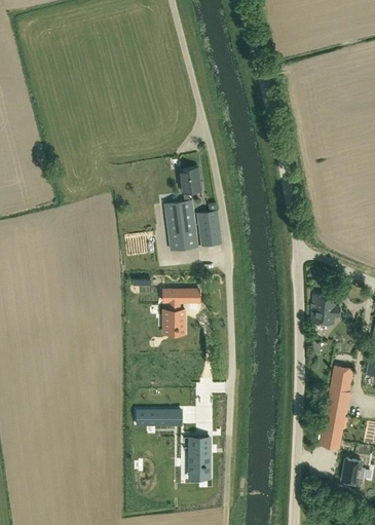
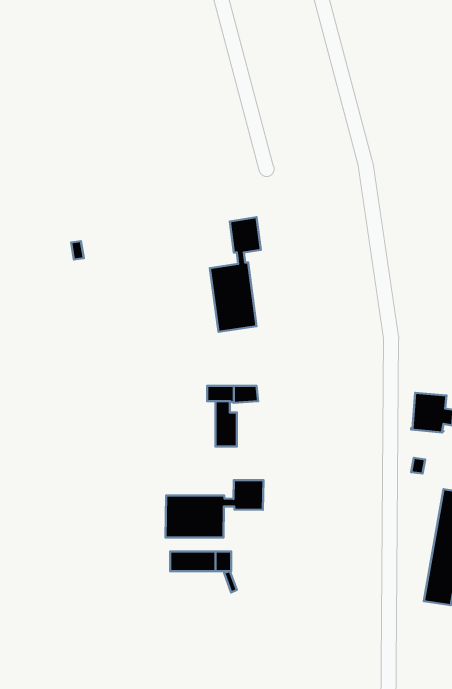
building: [197,211,222,247] -> none
building: none -> [166,480,264,538]
building: [190,437,209,474] -> none

